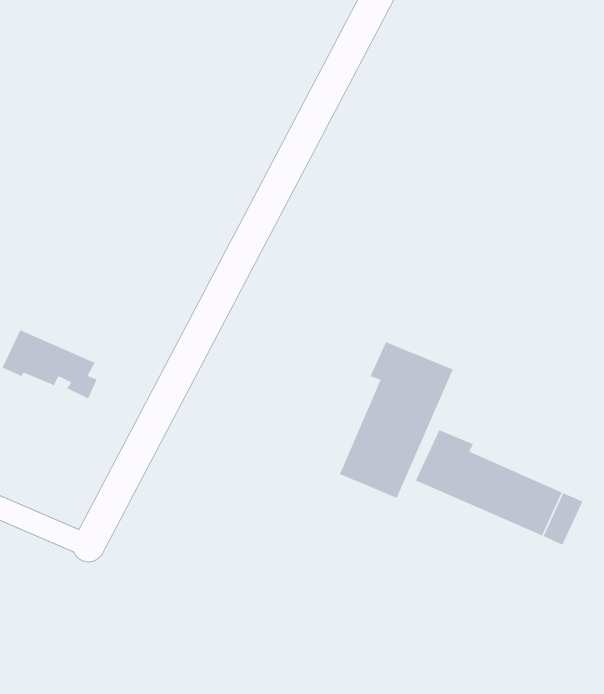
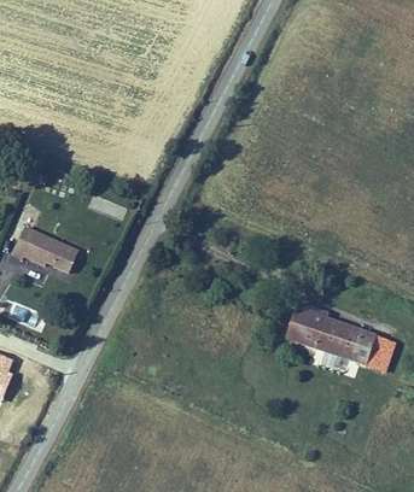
building: [339,341,454,499] -> none

